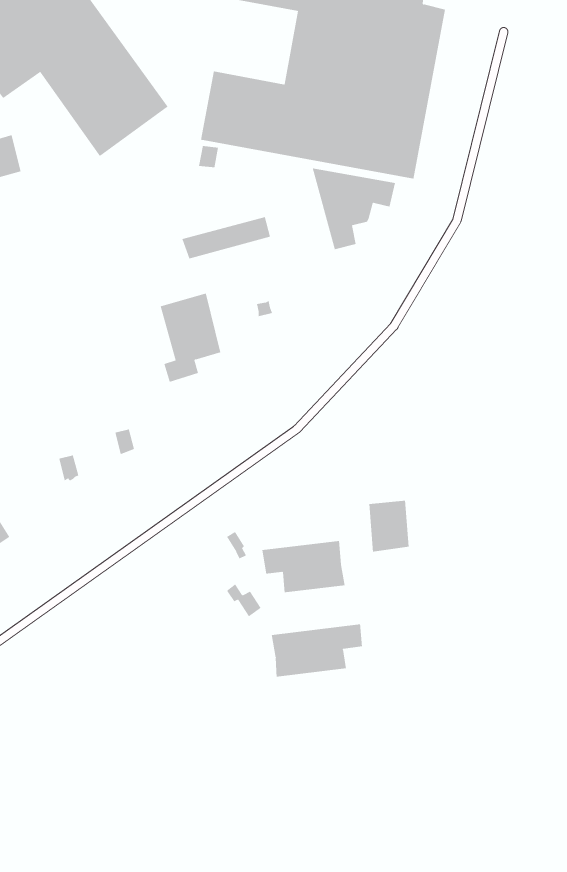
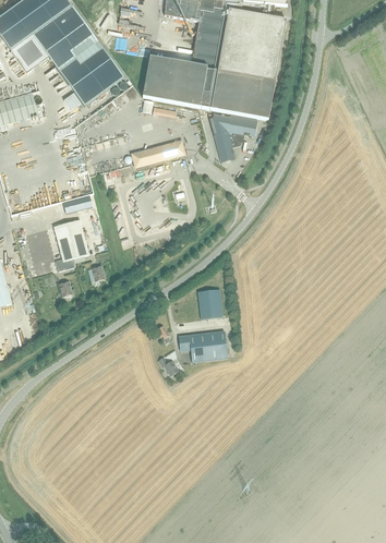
building: [160,293,221,382] -> [52,218,88,270]
building: [368,500,409,552] -> [197,288,221,318]
building: [271,623,363,677] -> none

